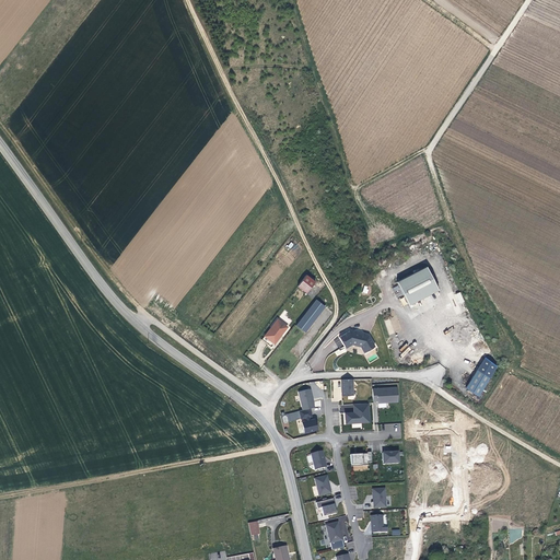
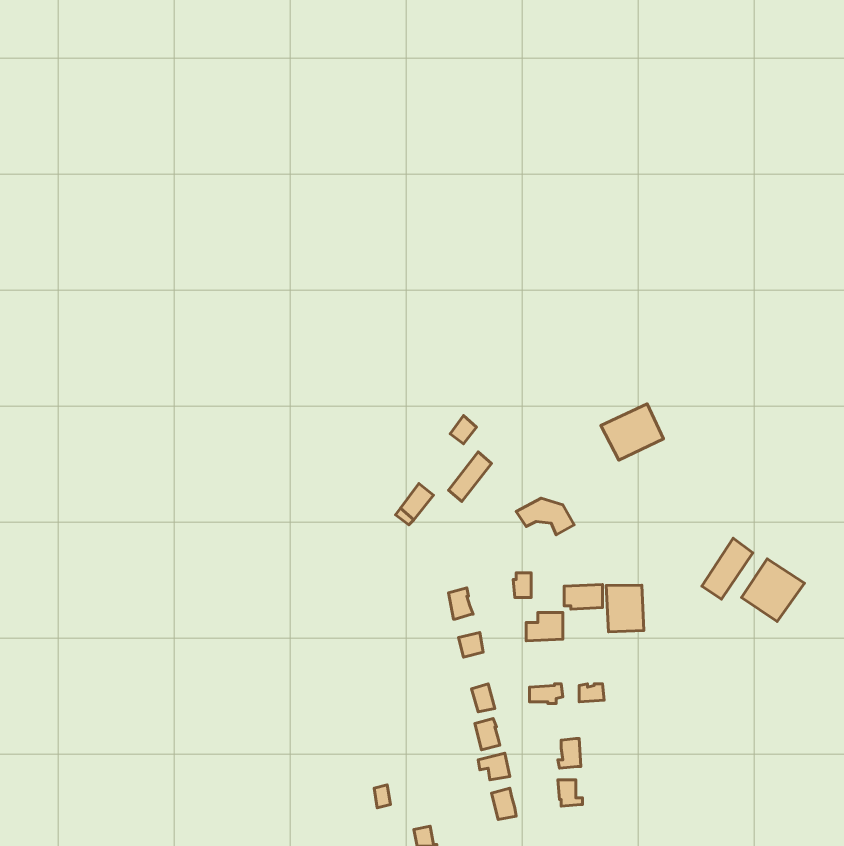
building: none -> [741,559,804,622]
building: none -> [606,585,644,632]

